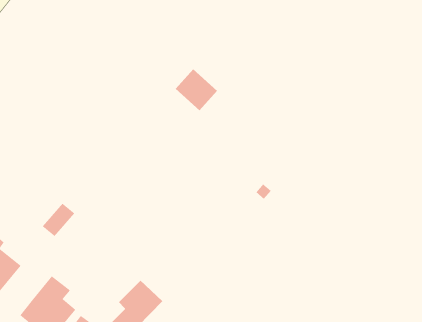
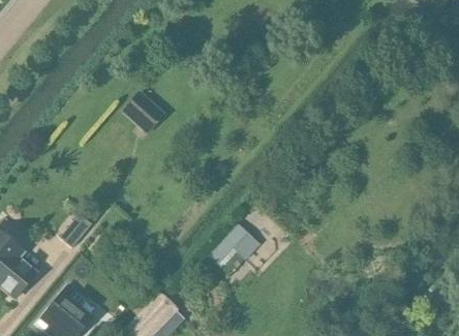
building: [175,68,218,111] -> [124,91,165,132]
building: none -> [208,221,261,264]

